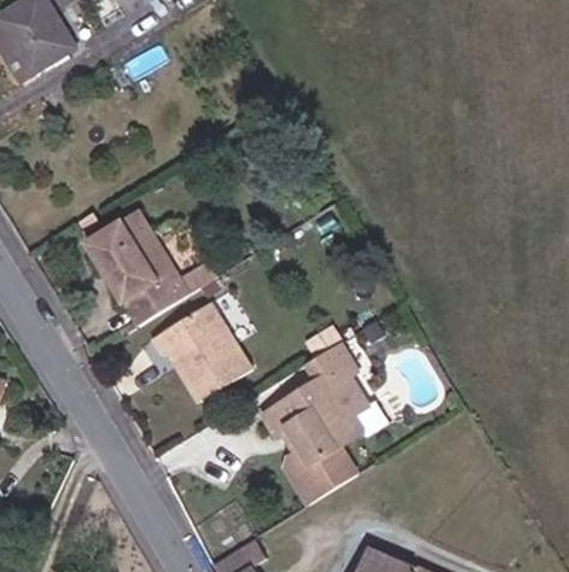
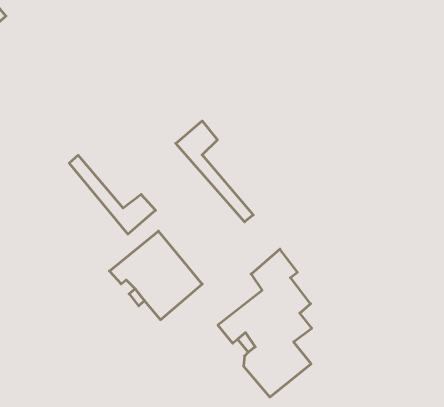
building: none -> [176,121,253,222]
building: [82,215,176,326] -> none

